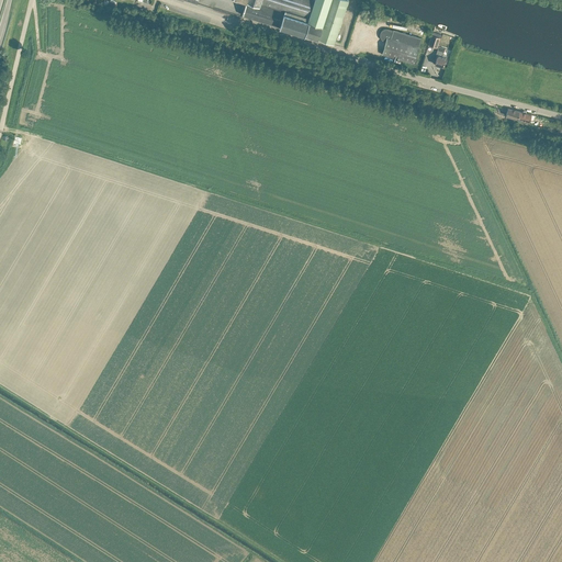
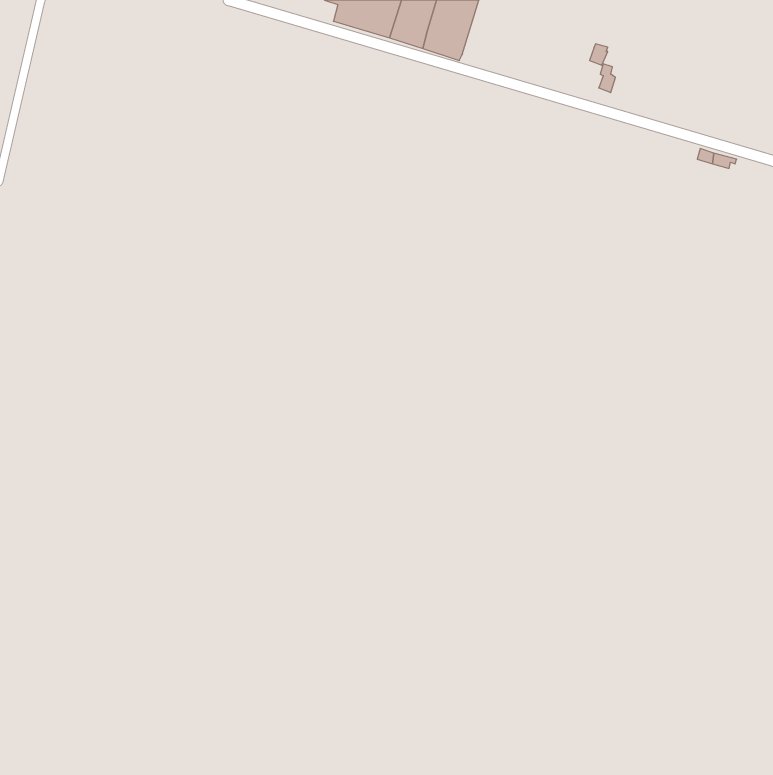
building: [379,29,420,64] -> none

